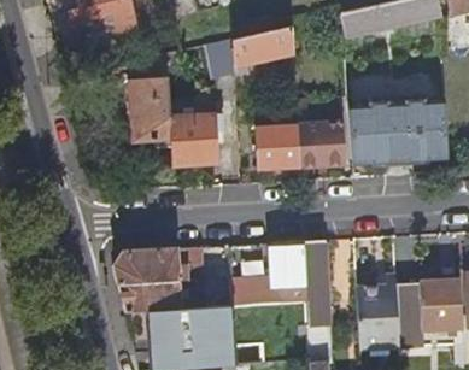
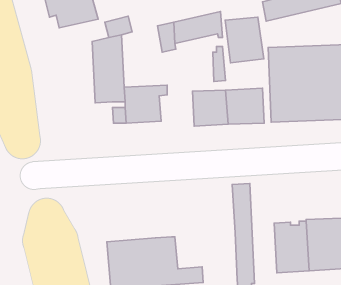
building: none -> [225,17,264,63]
building: [228,241,307,306] -> none
building: [115,247,209,312] -> none

